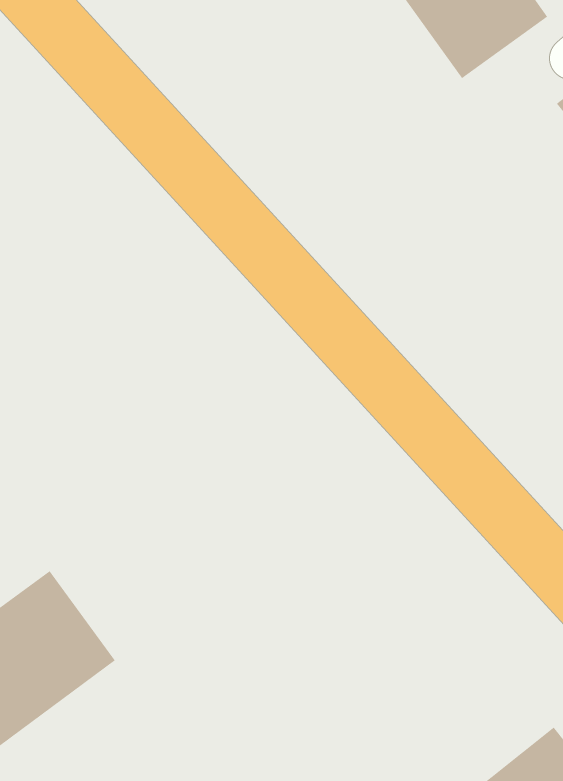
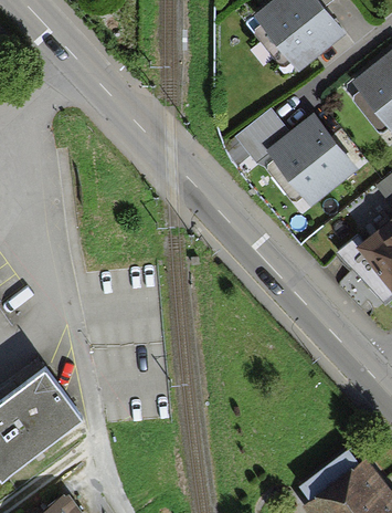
building: none -> [253,125,348,220]

